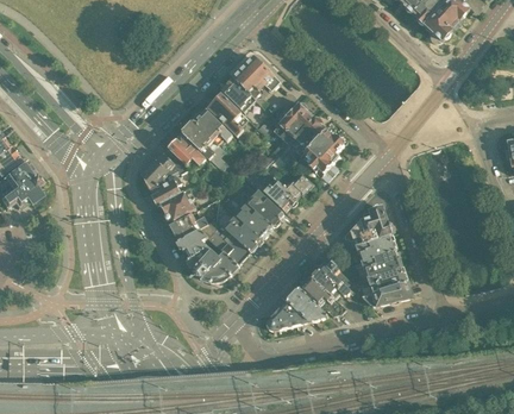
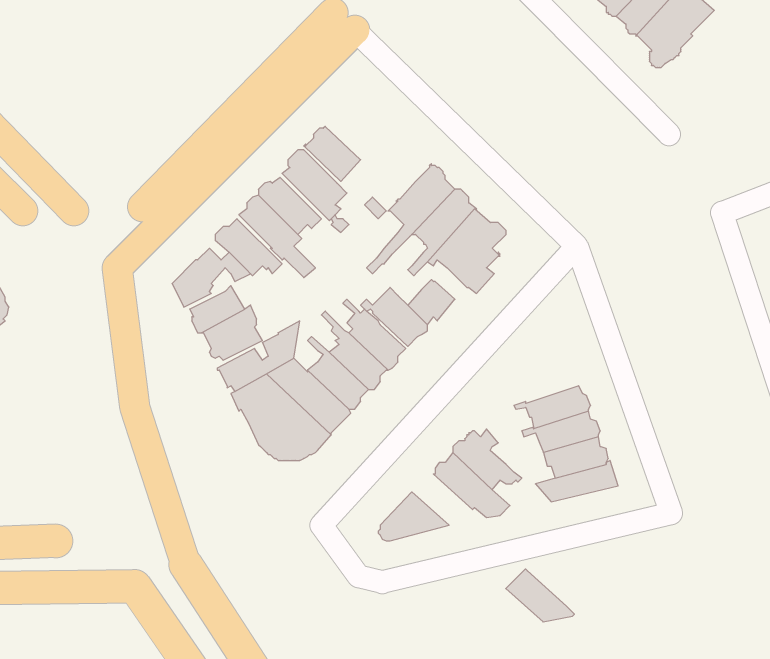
building: [233,57,280,106] -> none
building: [344,205,391,245] -> none
building: [287,287,328,319] -> [506,569,574,622]

